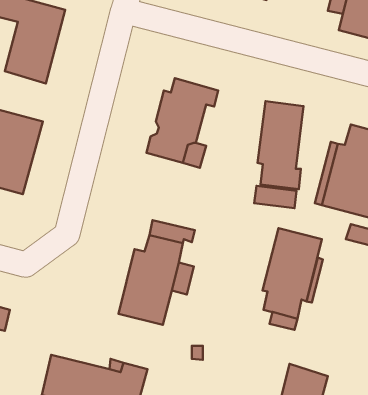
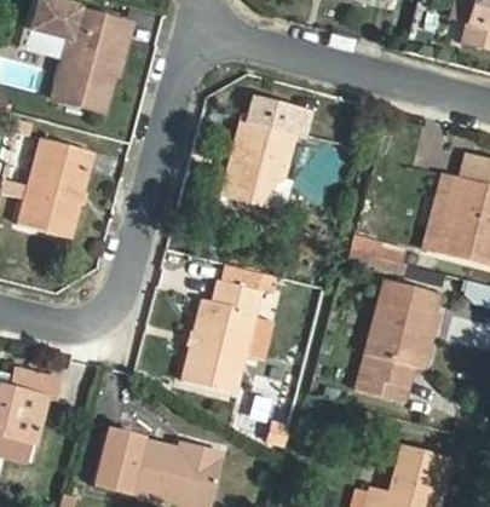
building: [258,101,303,189] -> none

